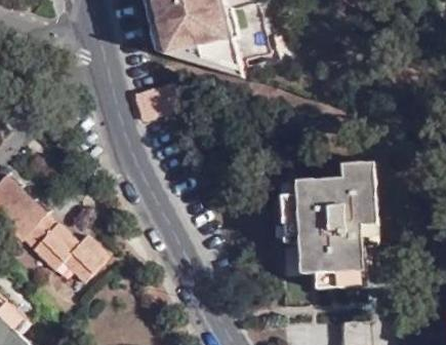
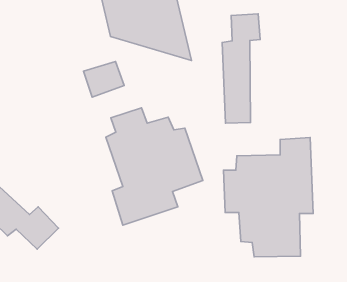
building: none -> [222,14,260,123]
building: none -> [106,108,203,225]

